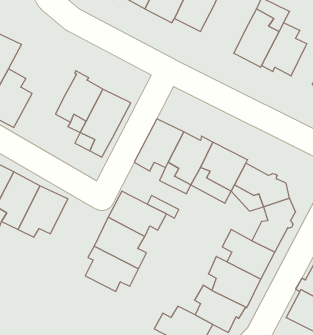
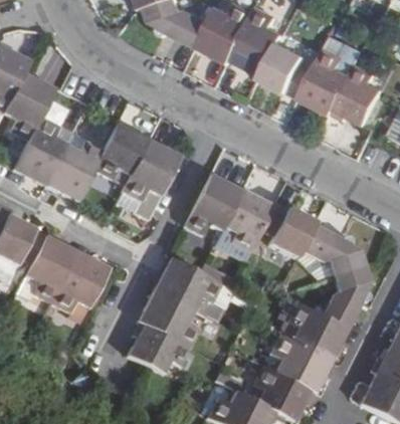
building: none -> [260,42,315,98]
building: none -> [47,140,105,201]

